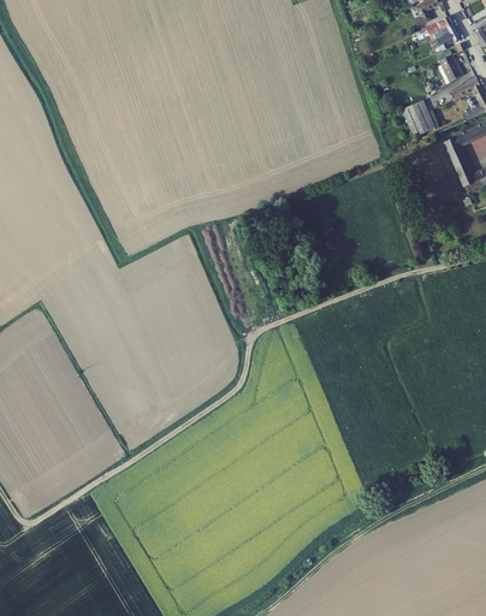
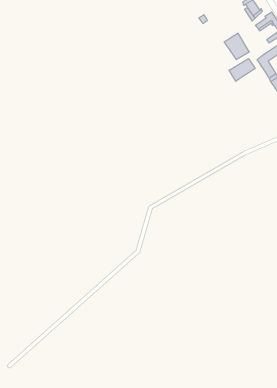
building: none -> [229,59,255,81]

